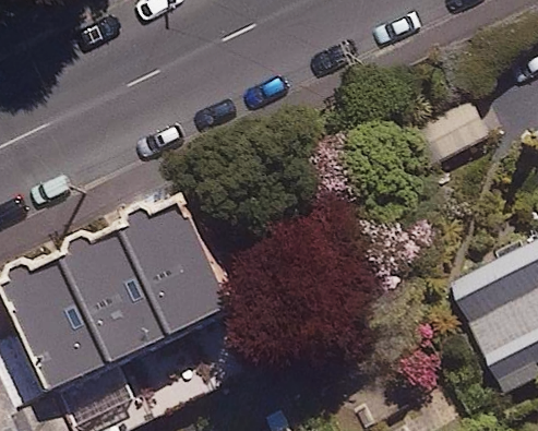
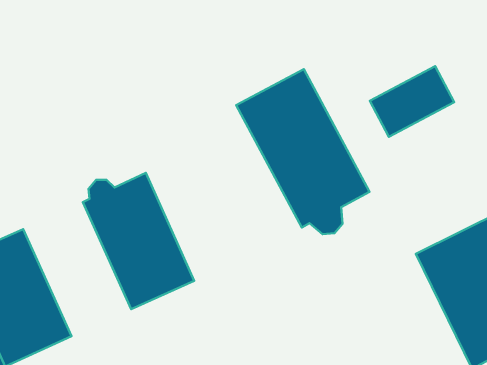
building: none -> [236,69,369,234]
building: [69,232,174,362] -> none

